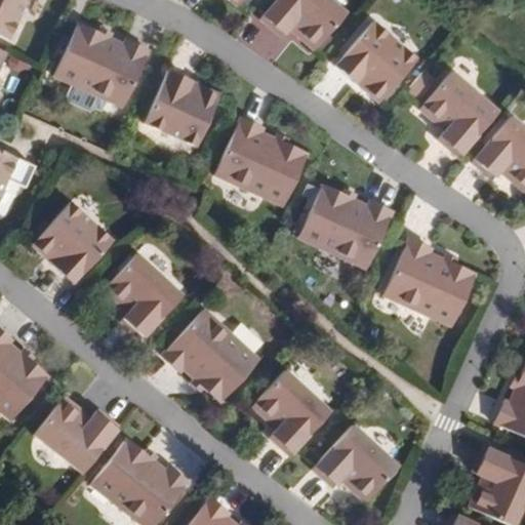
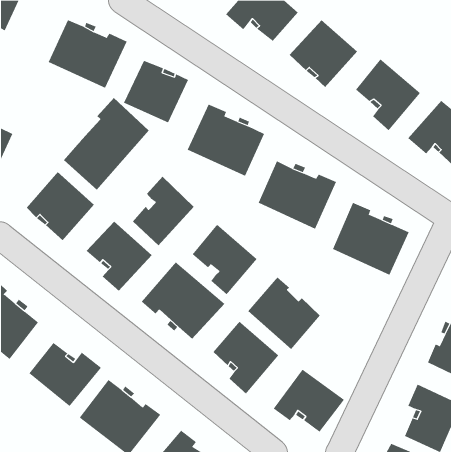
building: none -> [63,97,149,190]
building: none -> [132,176,195,246]
building: none -> [192,224,258,295]
building: none -> [247,276,320,350]

